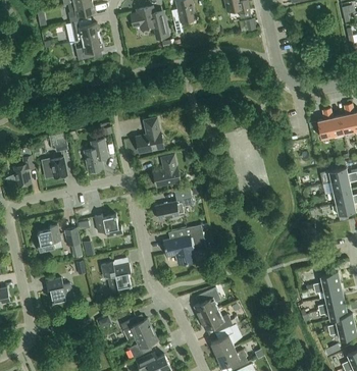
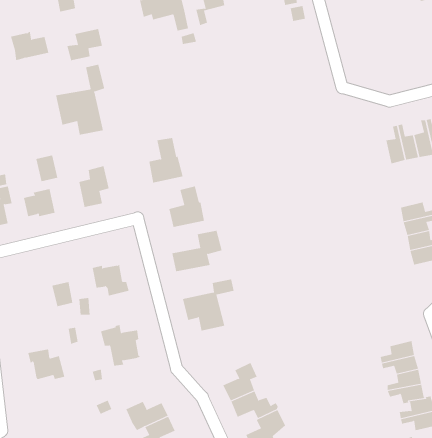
building: [69,19,99,42] -> [10,31,49,61]
building: none -> [56,64,105,136]
building: [37,224,60,253] -> none

